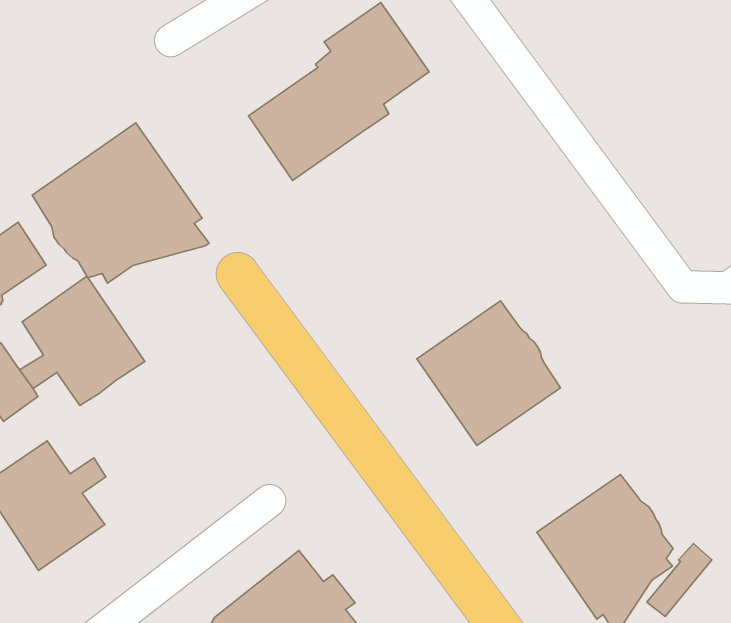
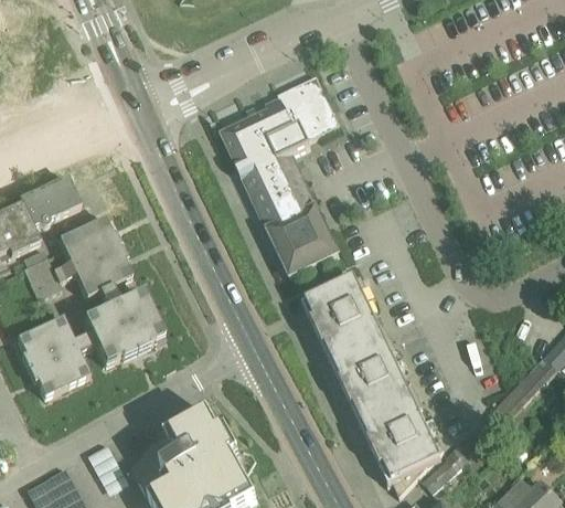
building: [32,123,209,283] -> none
building: none -> [243,155,339,276]
building: none -> [83,285,163,364]
building: none -> [331,336,418,424]

